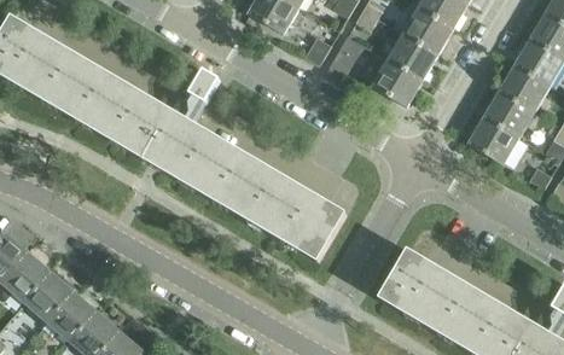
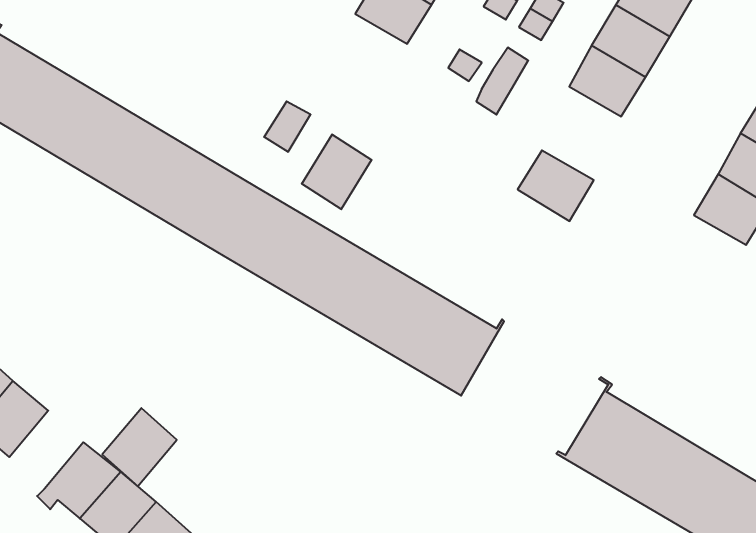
building: [373,59,423,105] -> [518,150,594,221]
building: none -> [302,134,372,209]
building: [25,269,74,320] -> [102,408,177,486]

